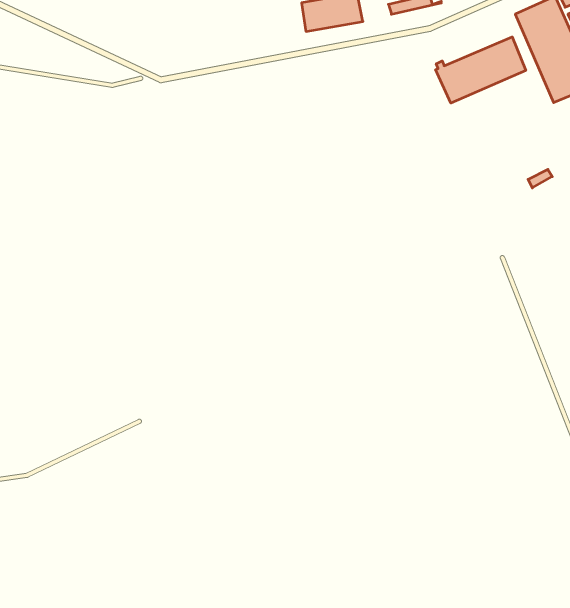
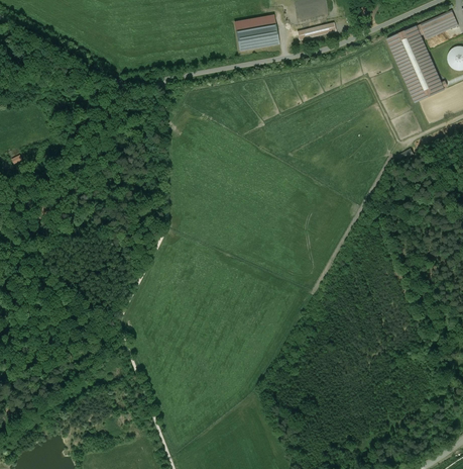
building: [436,37,526,103] -> none

